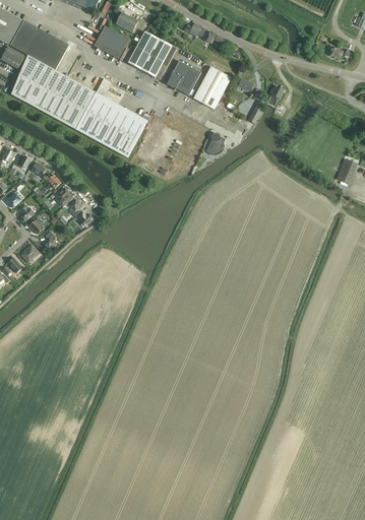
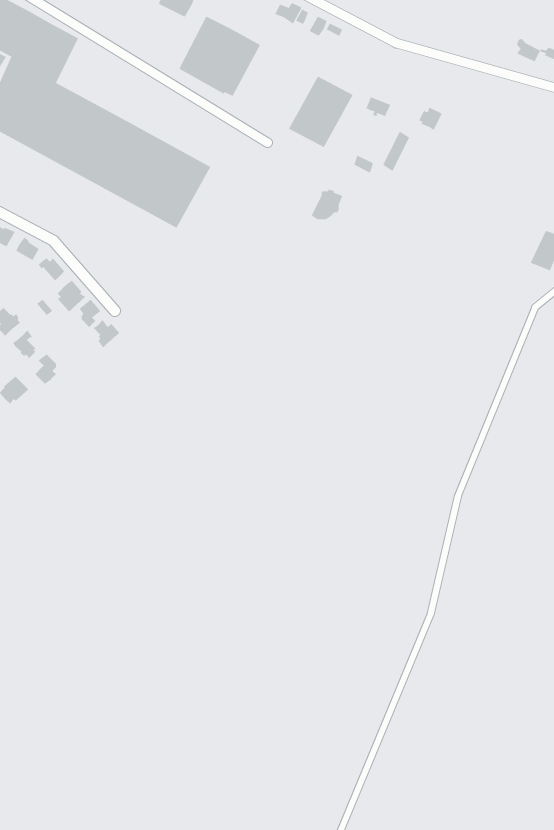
building: [94,25,128,58] -> none
building: [166,60,200,94] -> none

